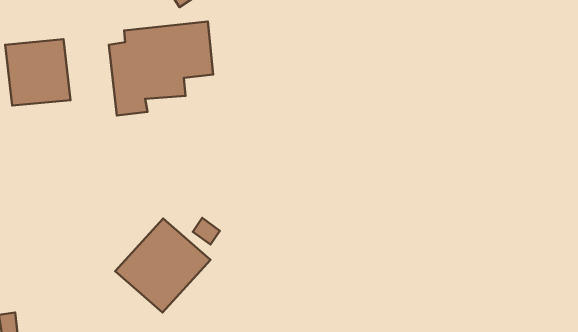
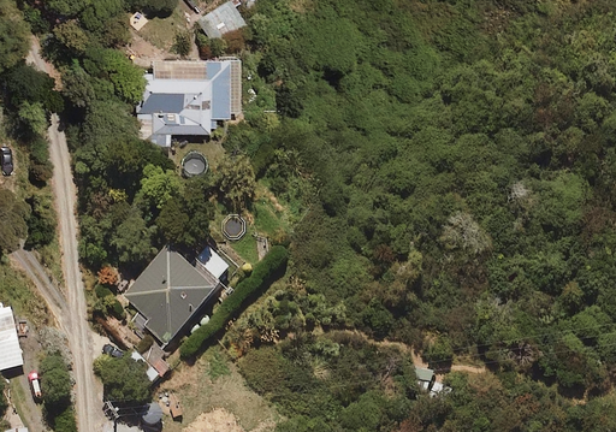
building: [5,39,71,106] -> none

